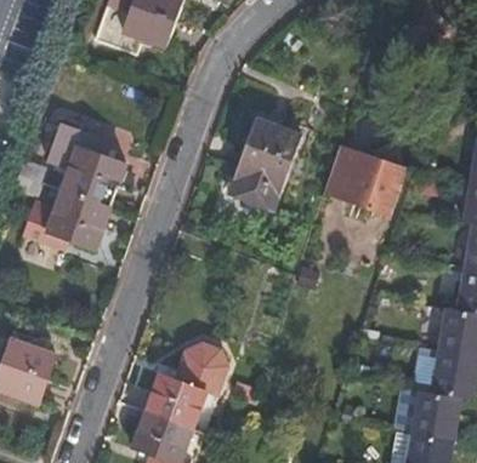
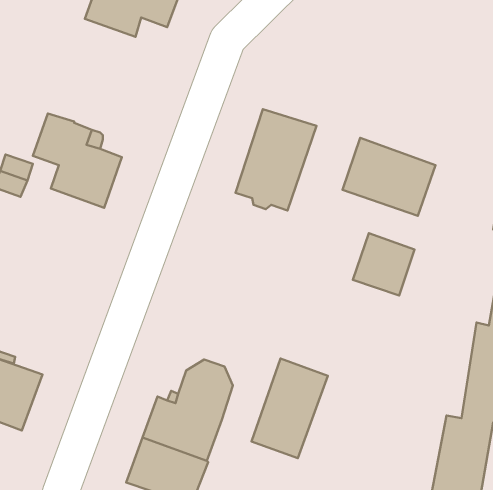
building: [25,189,113,250] -> none
building: none -> [353,233,415,295]
building: none -> [251,358,328,458]

